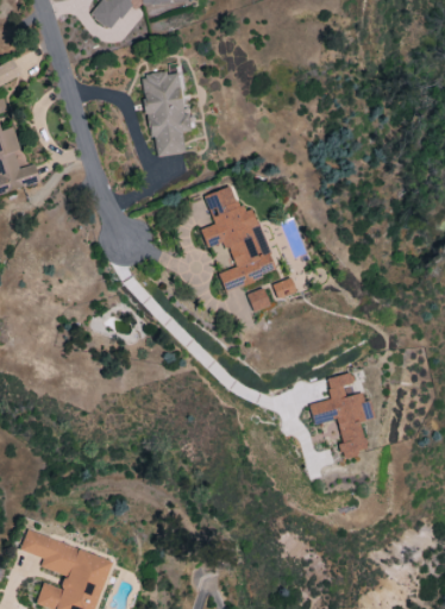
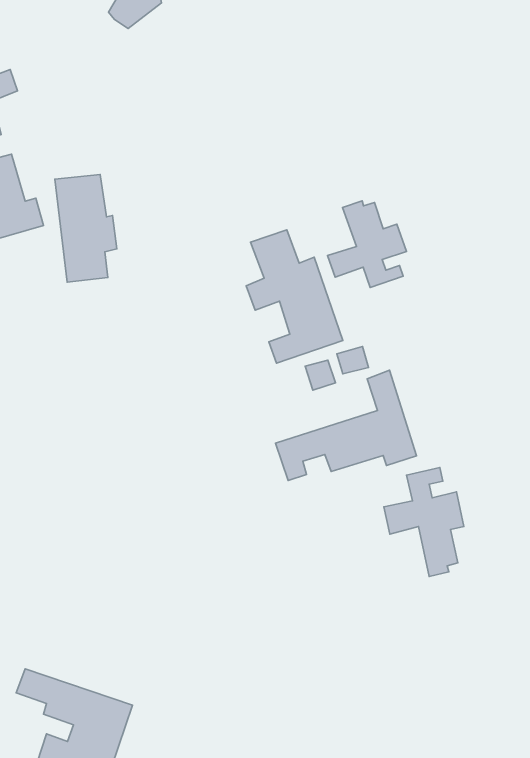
building: [144,71,193,156] -> [55,175,117,282]
building: none -> [328,201,406,288]
building: none -> [276,370,416,480]

